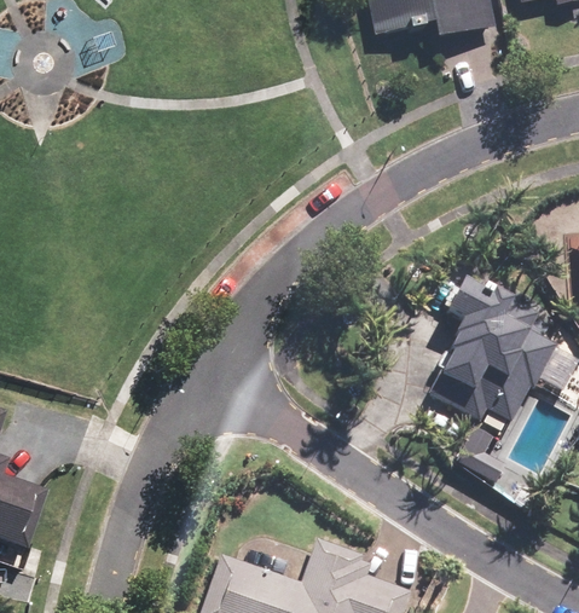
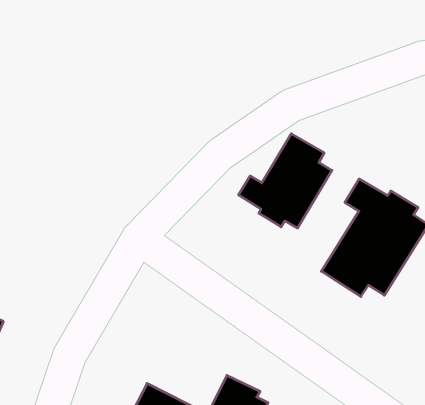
building: none -> [239,134,332,228]

